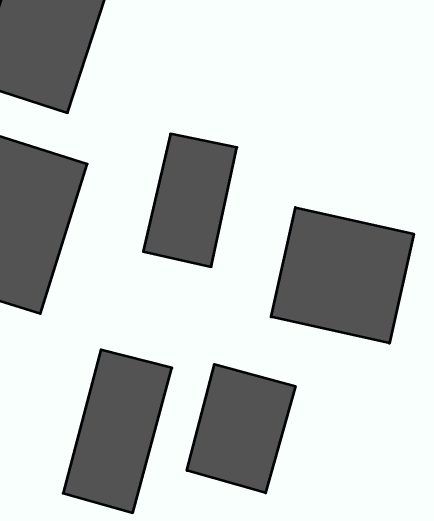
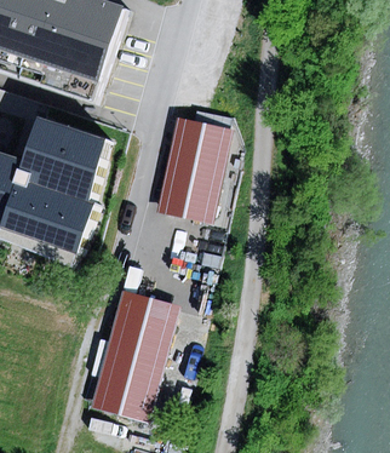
building: [271,207,414,343] -> none
building: [187,364,295,493] -> none

